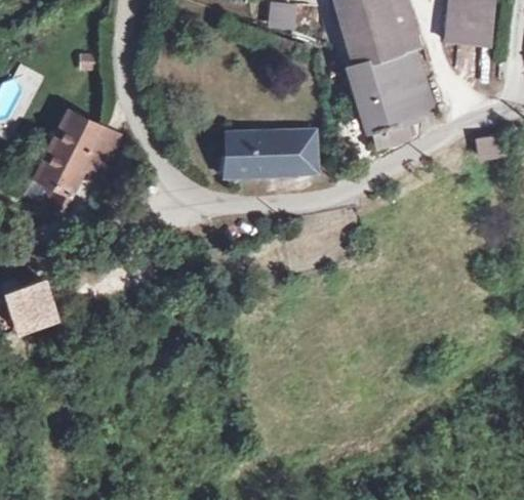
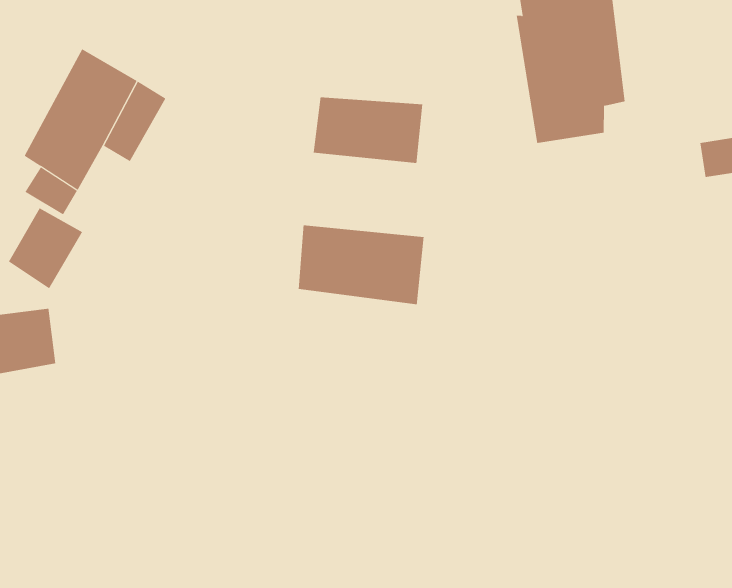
building: [290,129,313,169] -> none
building: none -> [298,224,424,305]
building: none -> [8,208,83,289]

